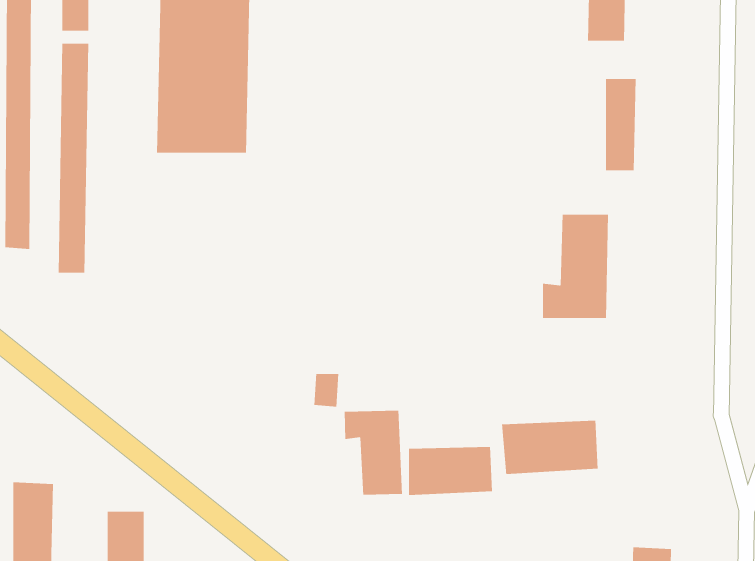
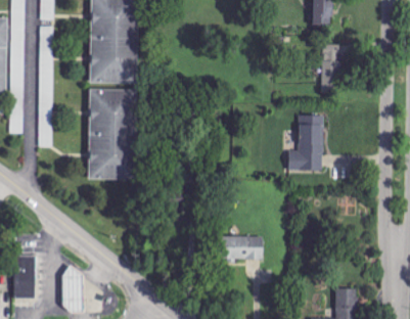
building: none -> [88,88,136,179]
building: [344,410,403,495] -> none
building: [501,420,598,475] -> none

